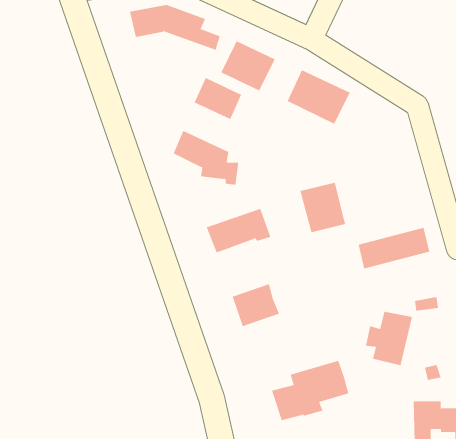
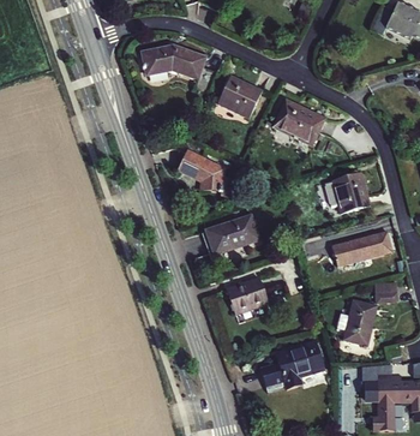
building: [194,77,242,120] -> none
building: [299,182,346,233] -> [331,172,370,214]

